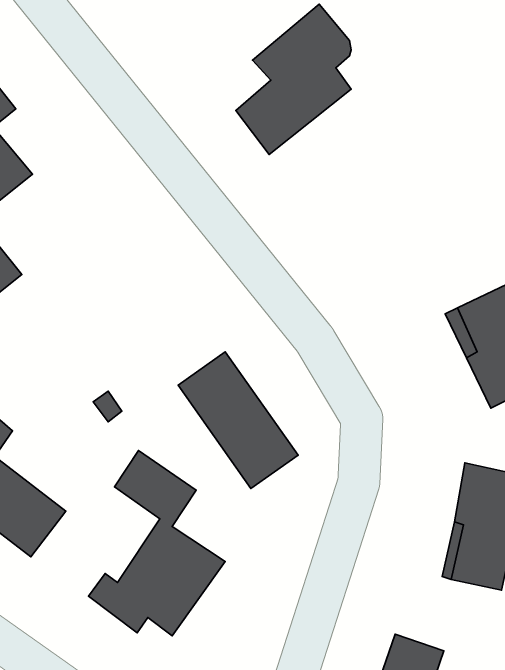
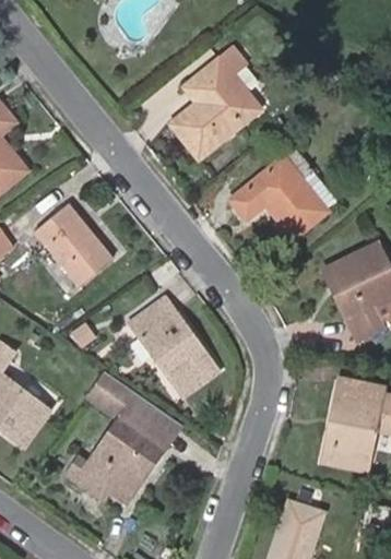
building: none -> [233,151,335,236]
building: none -> [35,205,111,286]
building: none -> [127,397,181,449]

